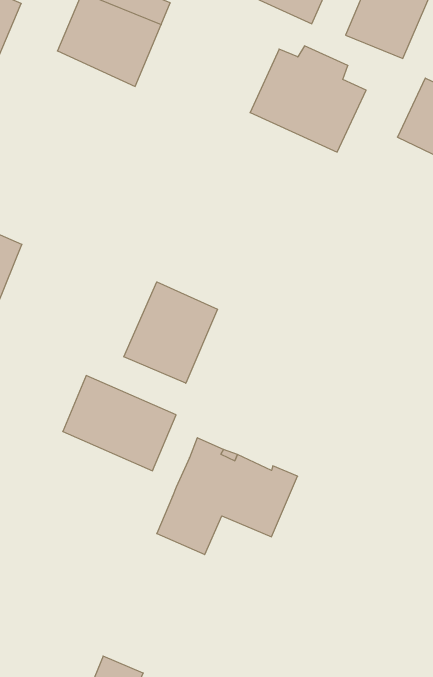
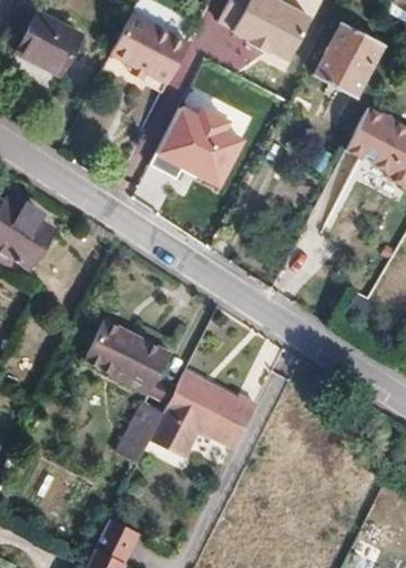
building: [250,46,366,152] -> [158,110,244,190]
building: [124,282,217,383] -> none
building: none -> [119,397,164,457]

